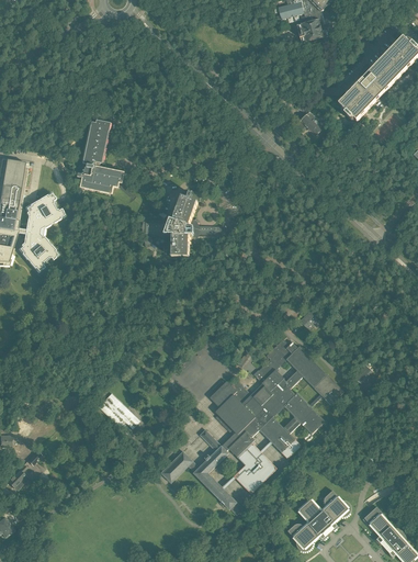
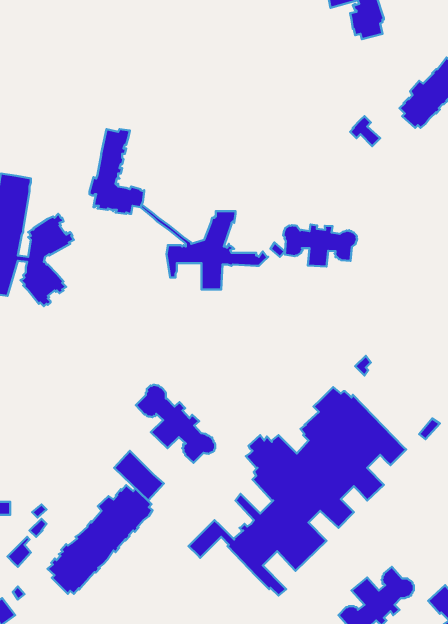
building: none -> [283,225,357,266]
building: none -> [136,385,215,463]
building: none -> [47,485,152,594]

